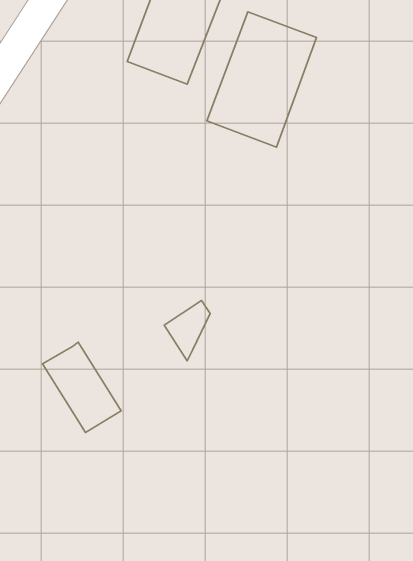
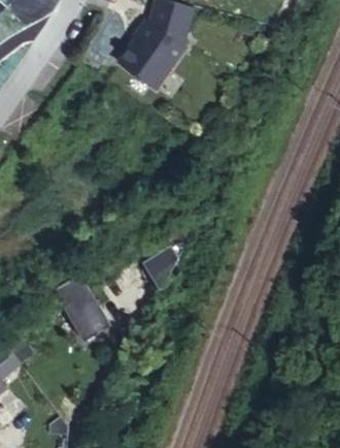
building: [207,12,316,147] -> none

